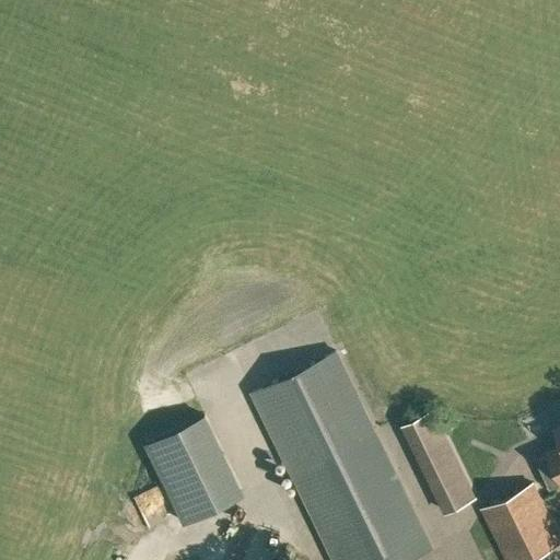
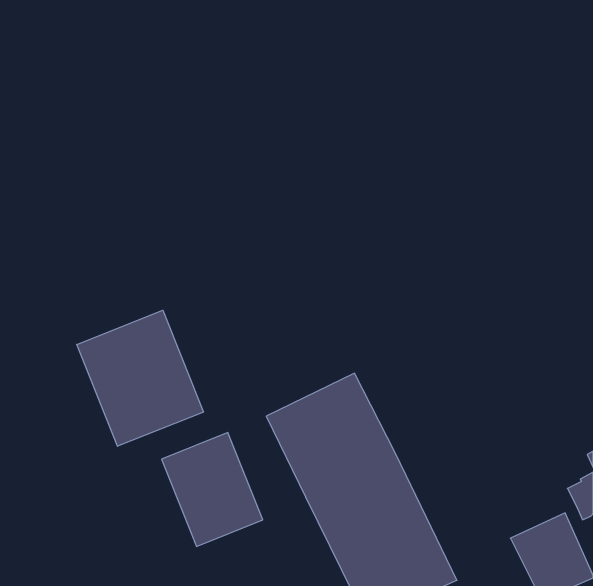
building: none -> [77,310,204,446]
building: [405,408,481,514] -> none

